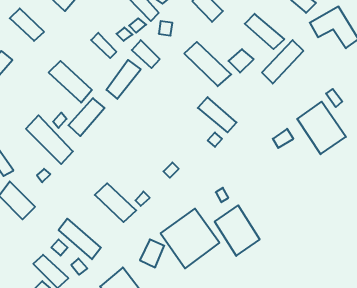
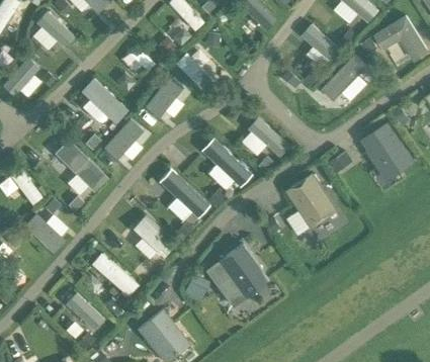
building: [184,42,231,86] -> [200,138,253,187]
building: none -> [161,169,211,217]
building: [215,205,260,256] -> [288,172,339,229]

